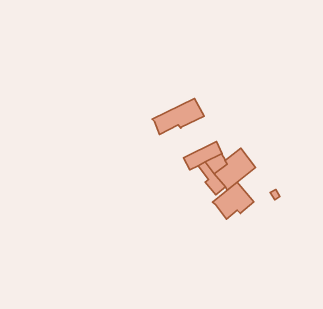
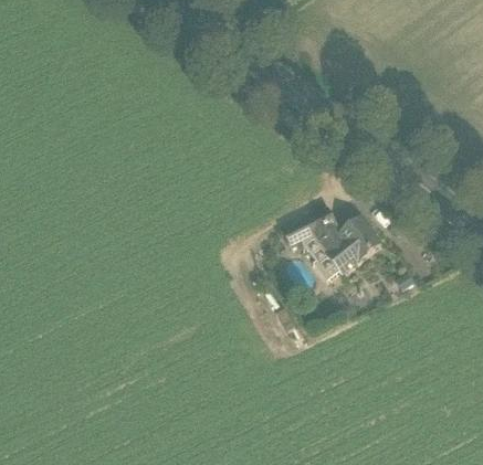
building: [152,99,204,134] -> none
building: [213,182,254,219] -> none

